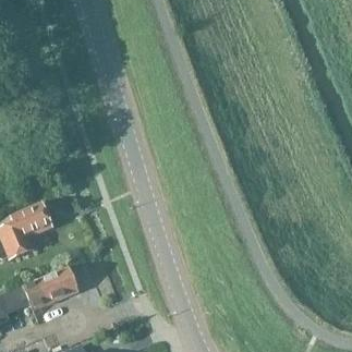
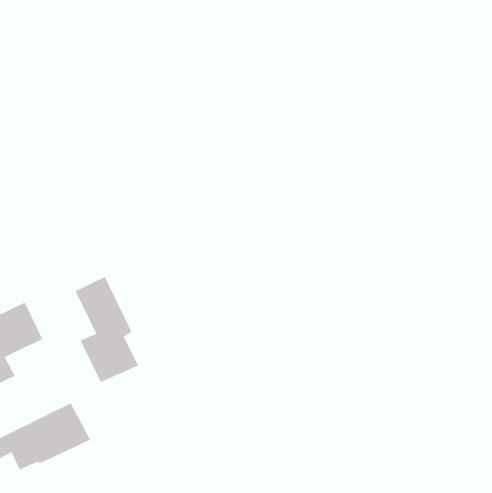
building: none -> [75,276,139,383]

